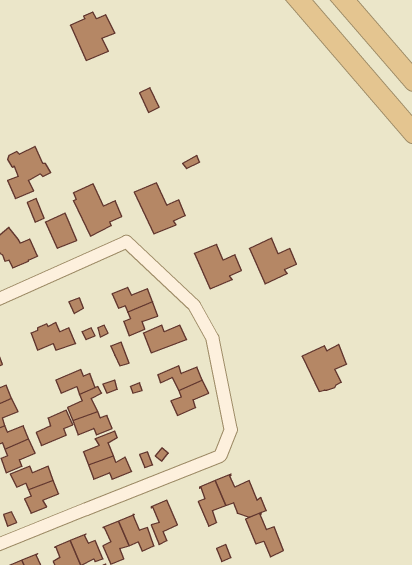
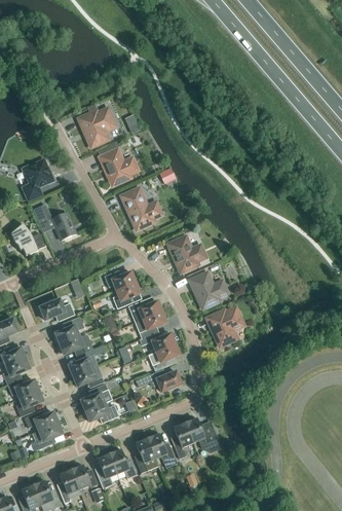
building: [70,12,115,60] -> [79,108,114,146]
building: [73,184,122,236] -> [100,144,138,185]
building: [249,238,296,284] -> [190,272,227,308]
building: none -> [135,312,166,339]
building: [302,344,347,391] -> [206,308,241,345]
building: [36,410,73,446] -> [55,316,84,343]
building: none -> [144,369,181,392]
building: [246,513,283,557] -> [147,433,177,468]

